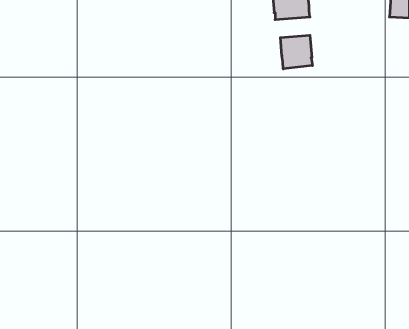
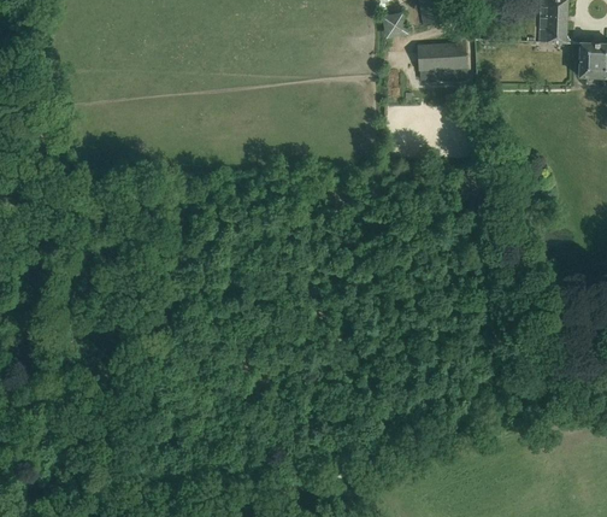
building: [280,35,312,69] -> none

